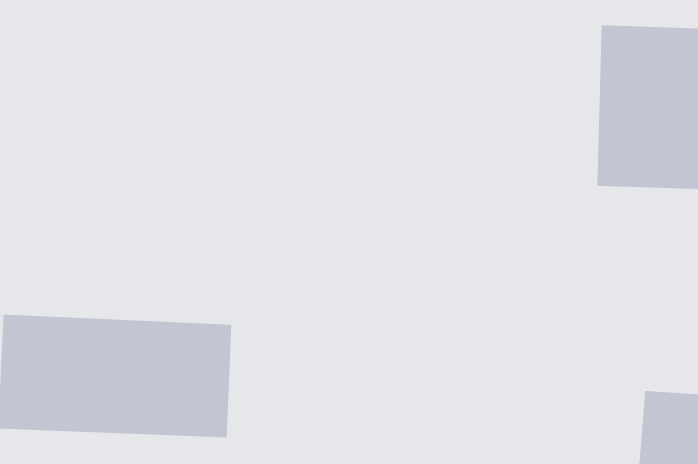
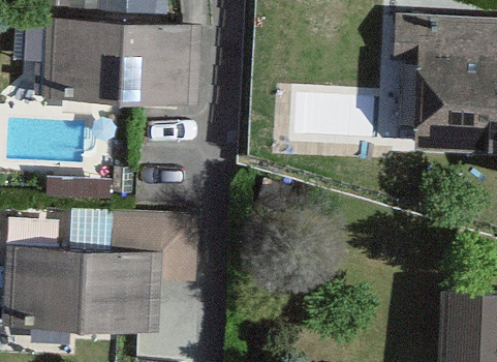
building: none -> [46,28,188,105]

